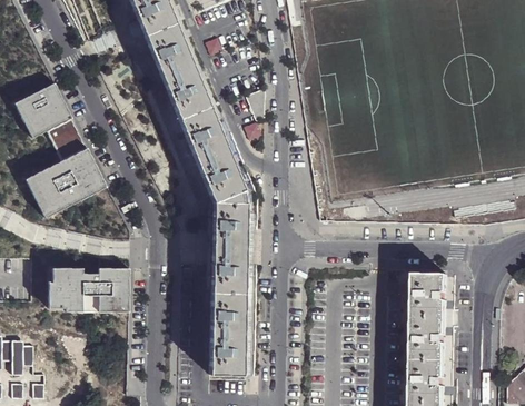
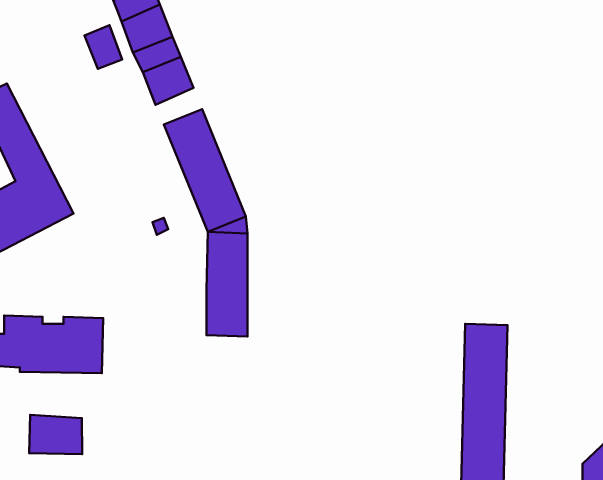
building: none -> [85,25,122,69]
building: [172,87,209,116] -> none
building: [210,289,244,373] -> none
building: none -> [29,415,82,454]

